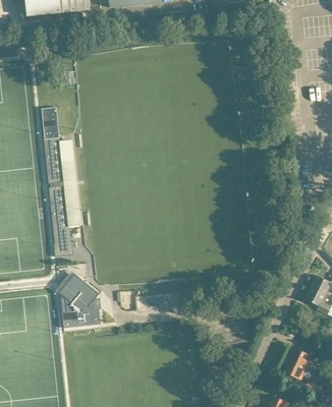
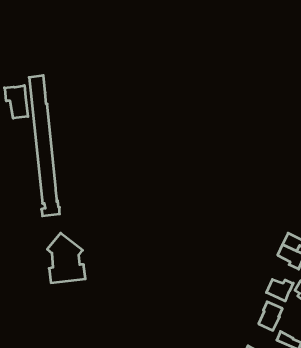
building: none -> [4,85,28,118]
building: none -> [266,279,293,301]

